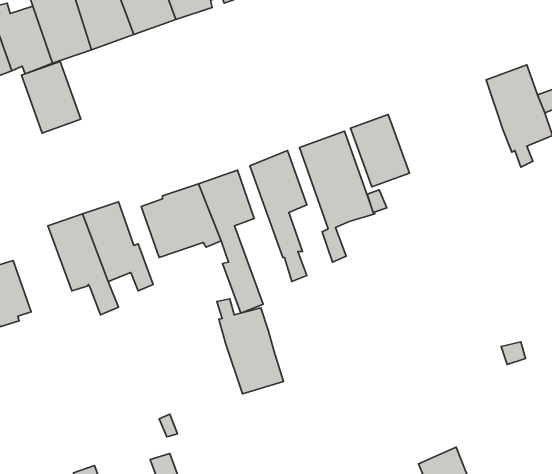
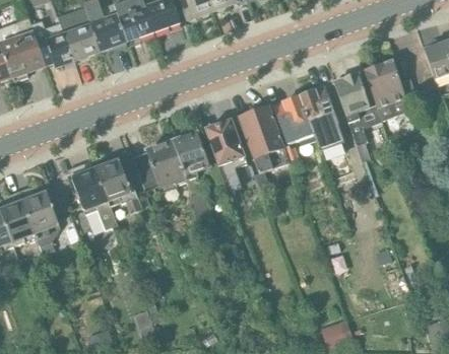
building: [21,61,81,133] -> none
building: none -> [333,74,382,144]
building: none -> [299,85,344,152]
building: [217,299,284,394] -> none

